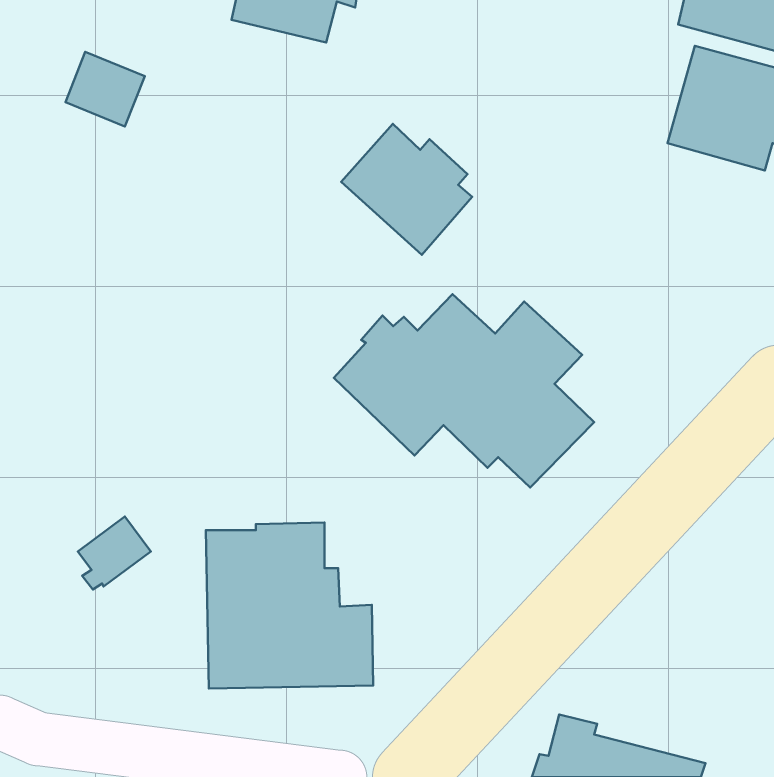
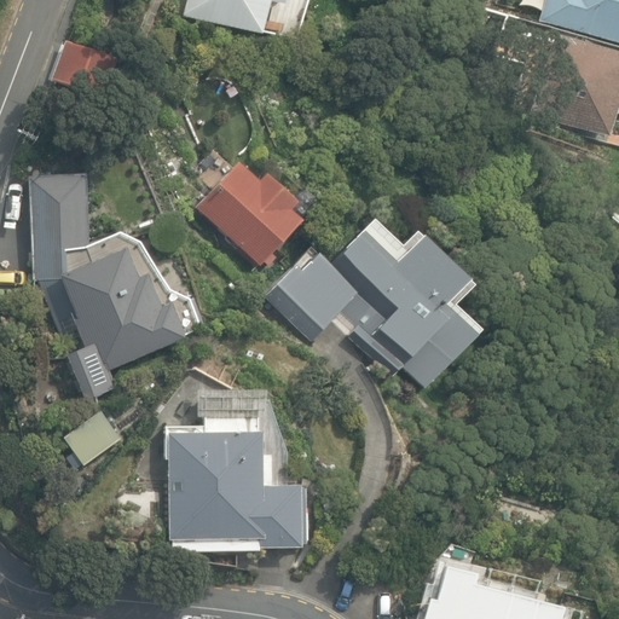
building: [341,124,472,255] -> [197,162,301,266]
building: none -> [31,187,207,400]

